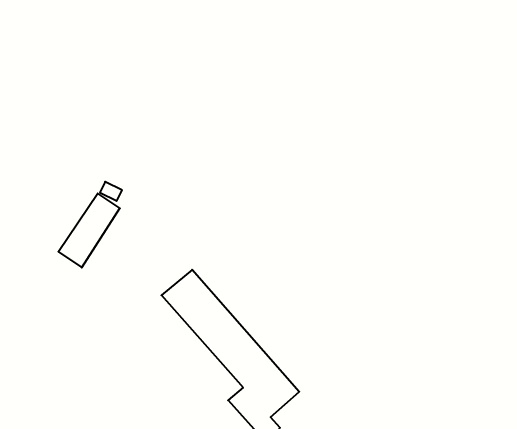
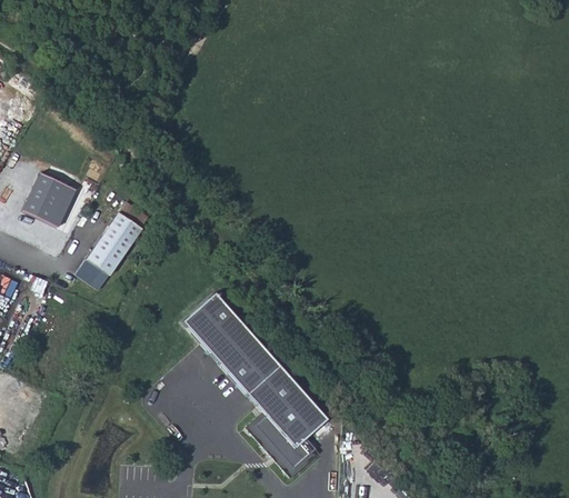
building: none -> [23,172,76,227]

